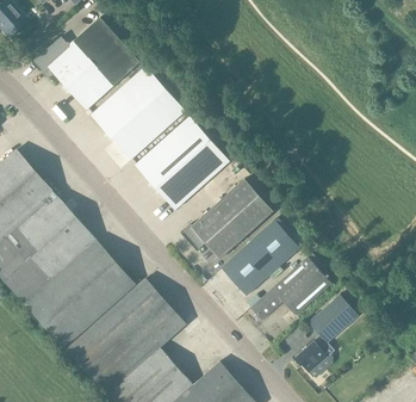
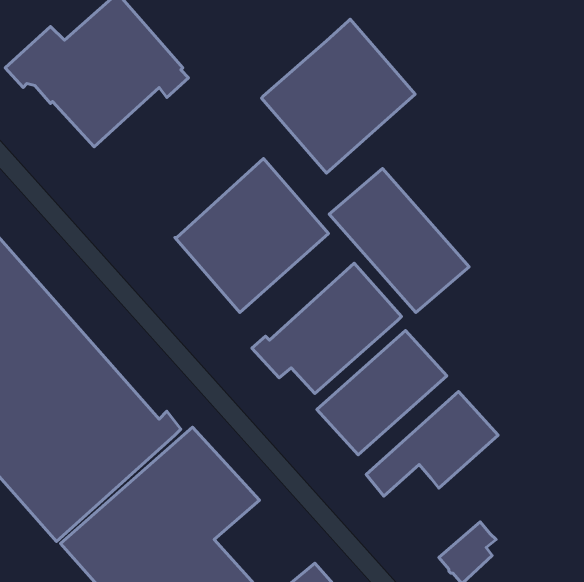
building: [92,67,185,160] -> [261,19,415,173]
building: none -> [329,168,469,313]
building: [309,295,359,344] -> none

